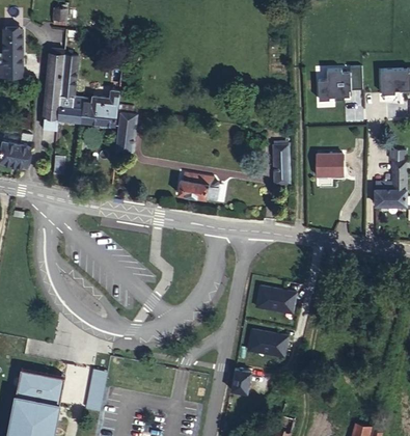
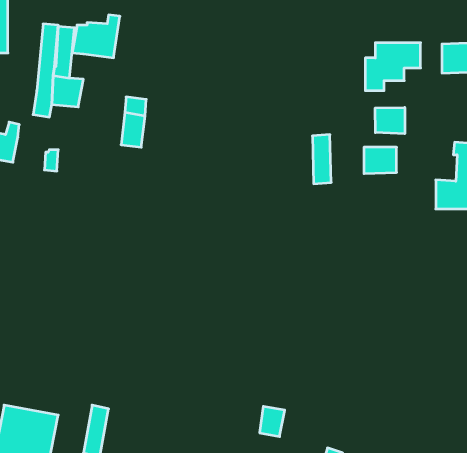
building: [81,90,120,126] -> [72,15,120,58]
building: none -> [375,107,405,134]
building: [179,173,219,200] -> none
building: [255,284,296,312] -> none
building: [247,329,288,357] -> none

